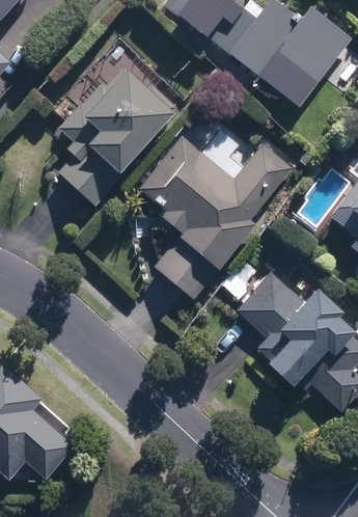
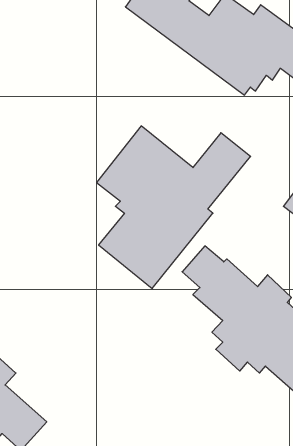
building: [55,65,185,205] -> none

